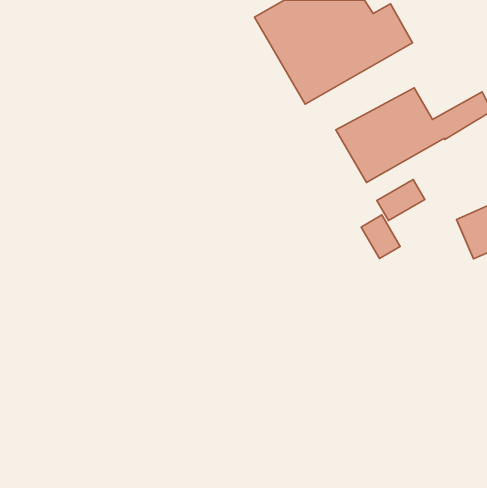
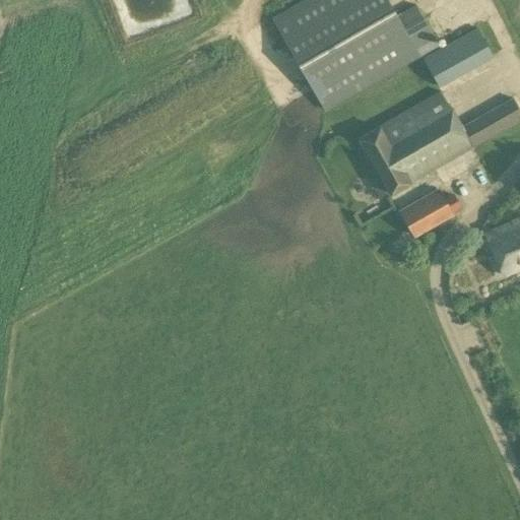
building: none -> [424,29,494,84]
building: [361,215,400,259] -> none

